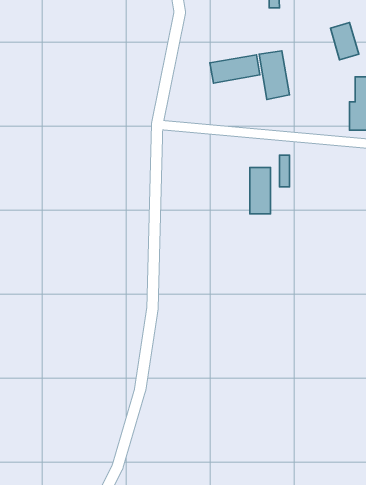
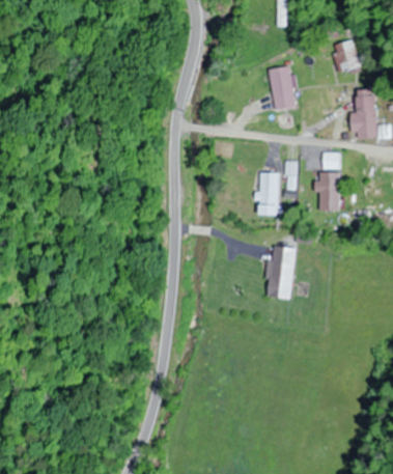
building: [210,55,260,83] -> none
building: none -> [319,171,339,211]
building: none -> [268,246,294,298]

